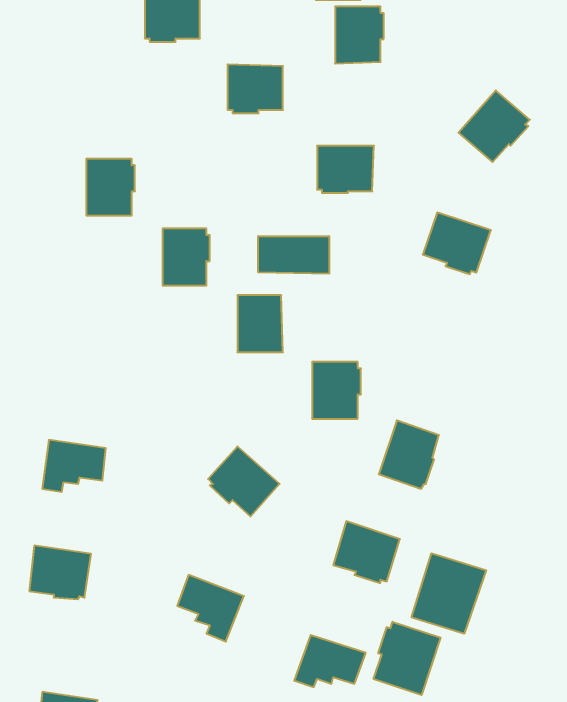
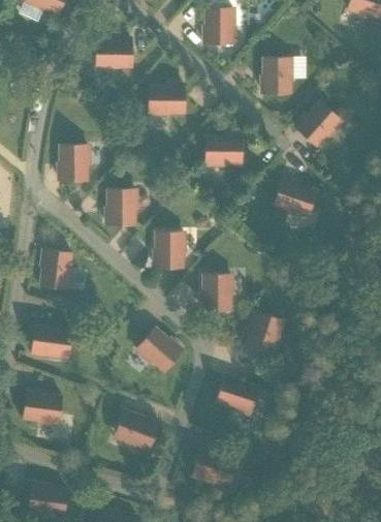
building: [335,7,384,64] -> [262,58,293,94]
building: [258,236,329,274] -> none
building: none -> [39,250,72,288]
building: [412,553,486,634] -> none
building: [374,622,441,695] -> none

